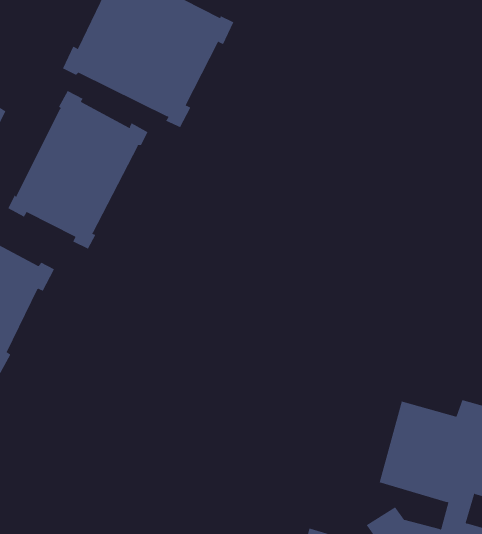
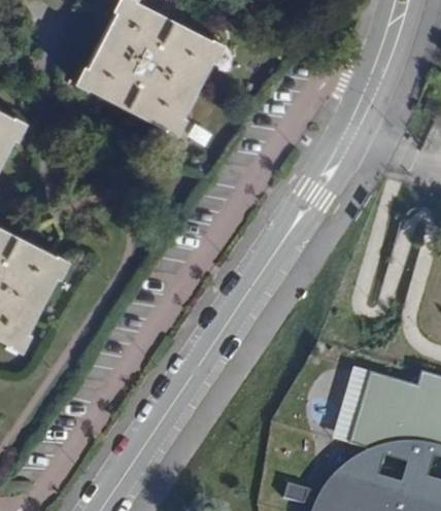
building: [8,90,148,249] -> none

